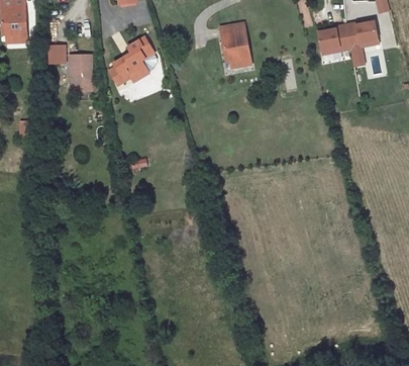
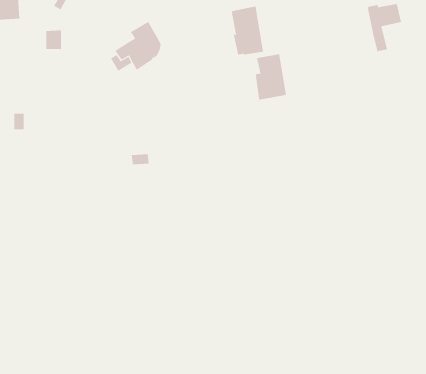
building: [318,23,350,50] -> none
building: [70,55,92,90] -> none
building: none -> [255,54,286,101]

